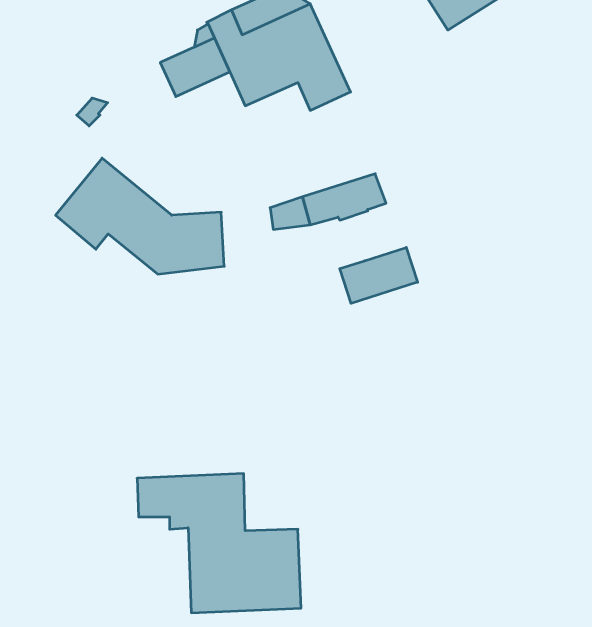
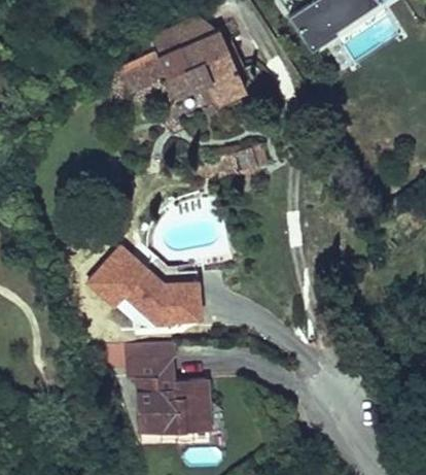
building: [56,158,224,274] -> [88,245,201,323]
building: [340,247,418,303] -> none

